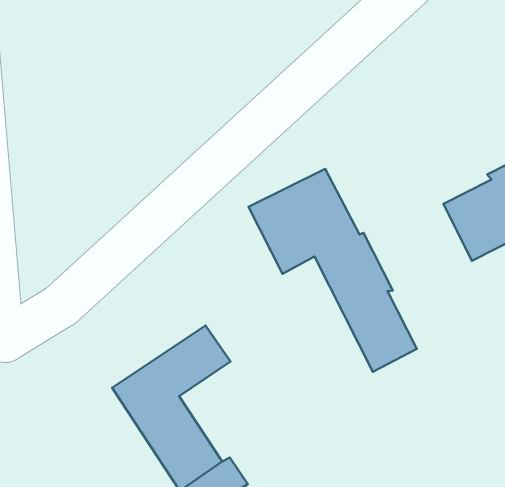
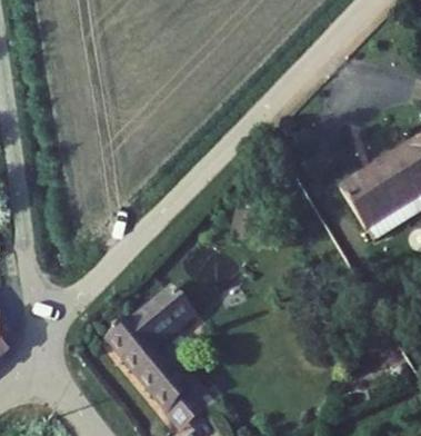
building: [249,169,417,372] -> none

